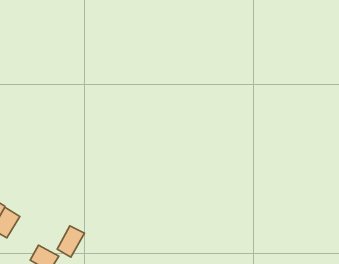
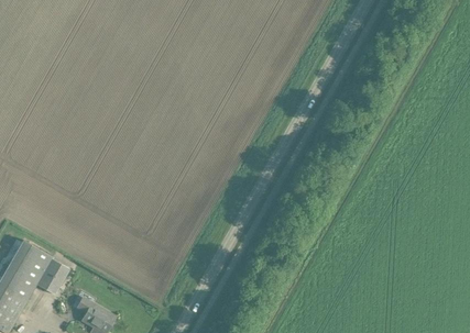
building: [57,226,84,257] -> none

